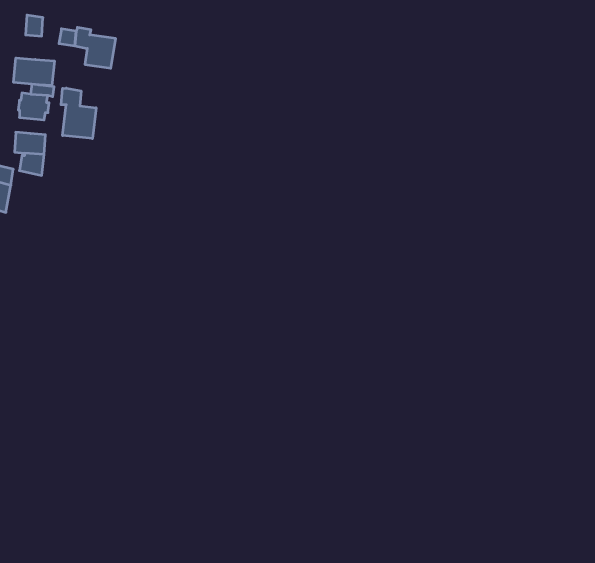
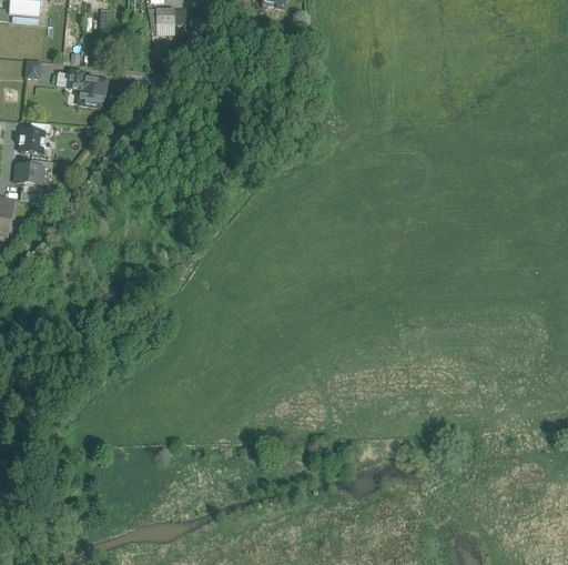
building: [14,58,54,85] -> none
building: [61,88,96,139] -> none

